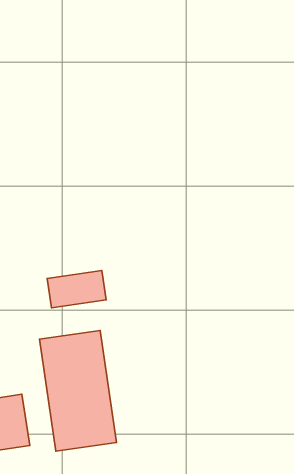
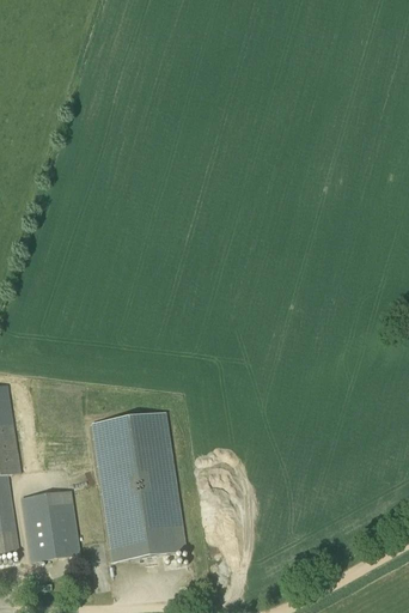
building: [47,270,106,308] -> none

